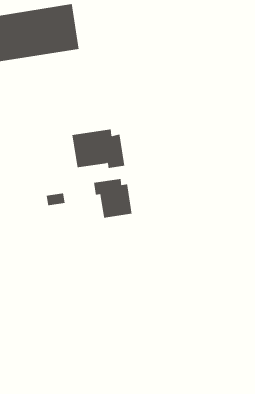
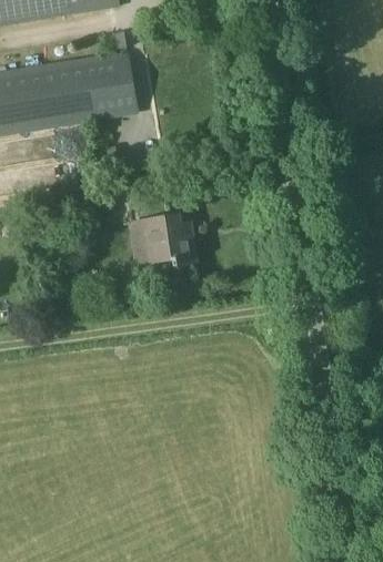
building: [93,178,132,218] -> none

